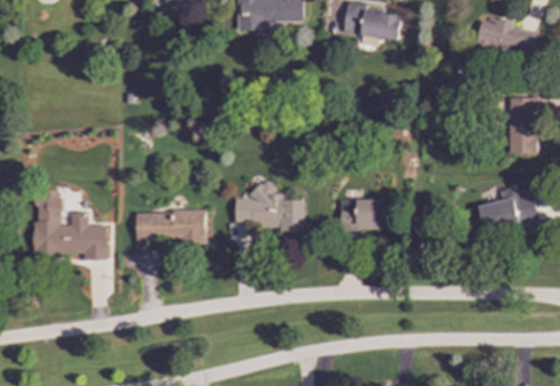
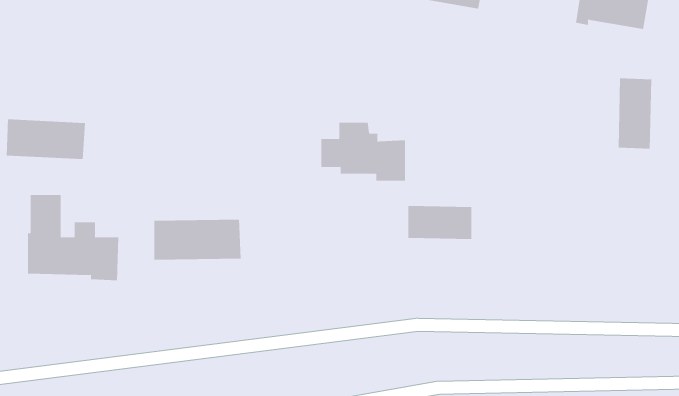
building: none -> [6,119,86,160]
building: [235,184,304,232] -> [321,122,406,181]
building: [478,185,540,232] -> none

